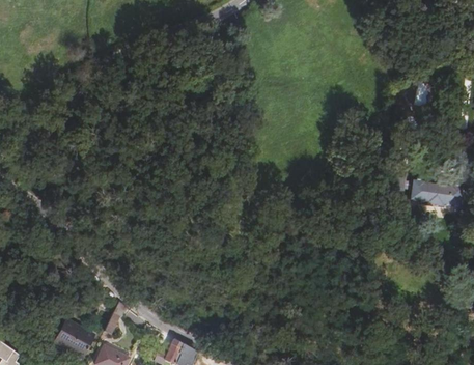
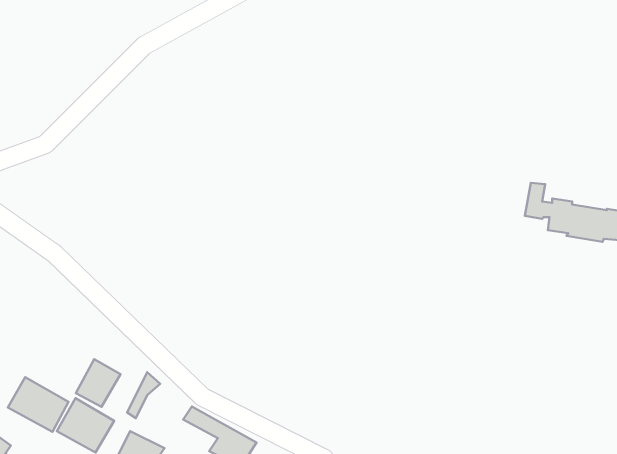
building: none -> [76,359,120,407]
building: none -> [8,377,68,432]

